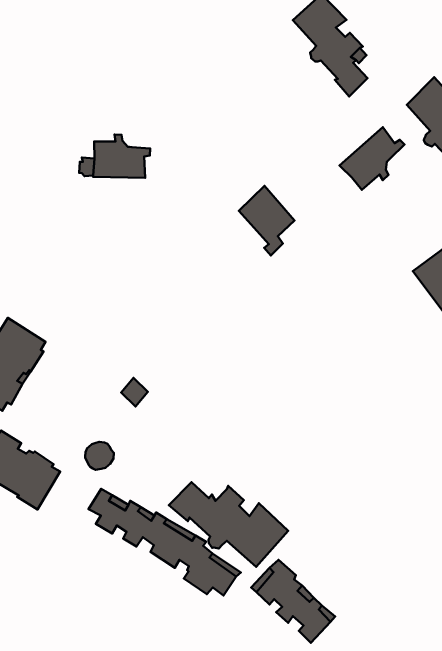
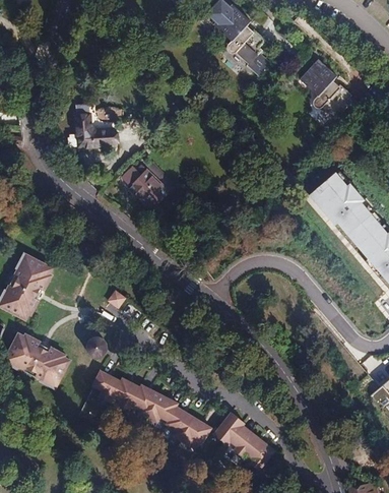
building: [340,127,405,190] -> none
building: [239,186,295,256] -> [128,168,169,218]
building: [169,482,288,567] -> none

